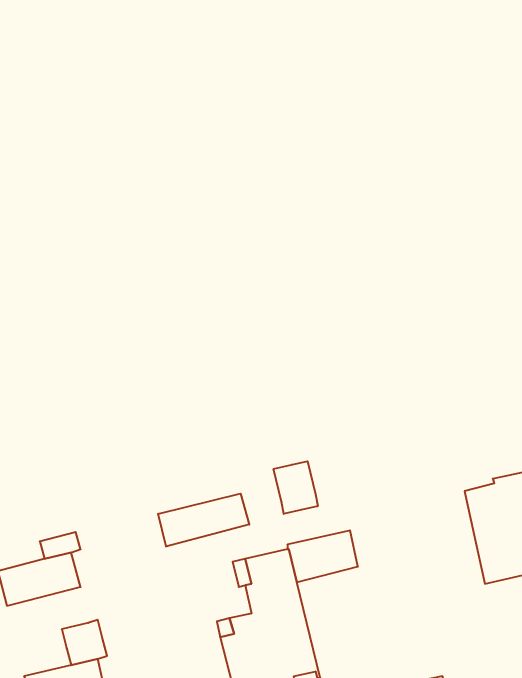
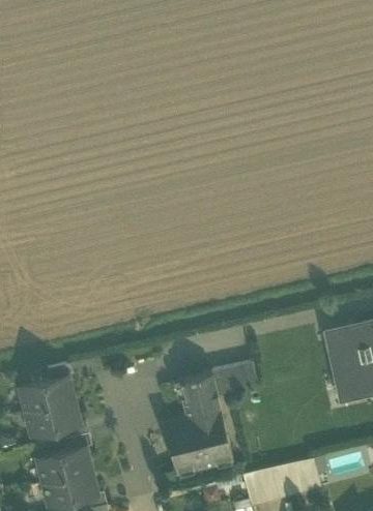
building: [274,461,318,514] -> none
building: [158,494,249,547] -> none
building: none -> [25,401,79,437]

